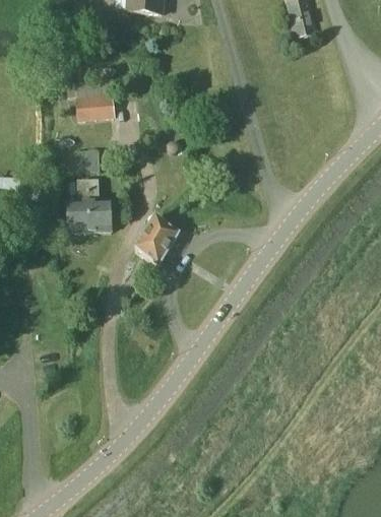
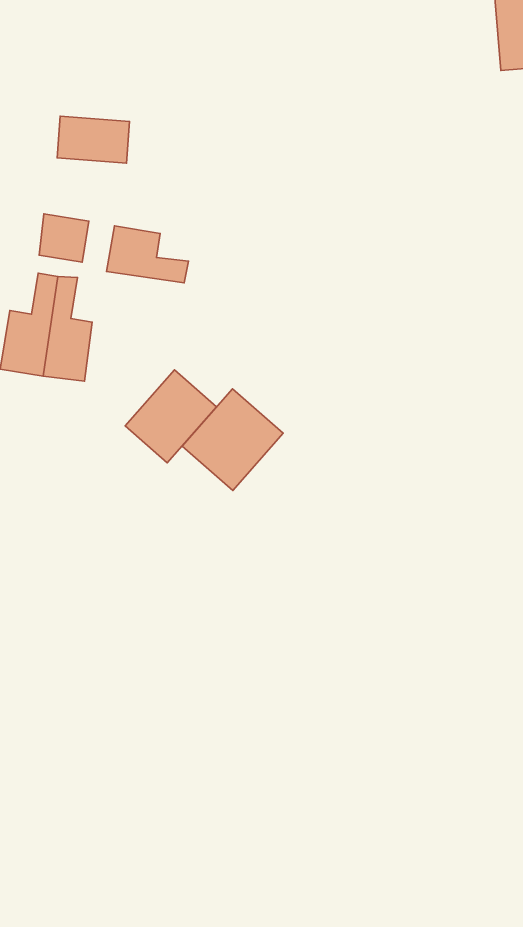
building: none -> [107,226,189,283]
building: none -> [182,389,283,490]

